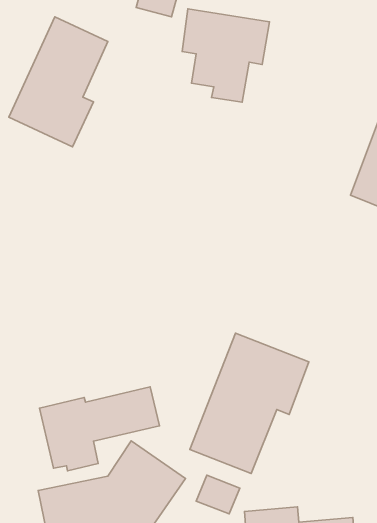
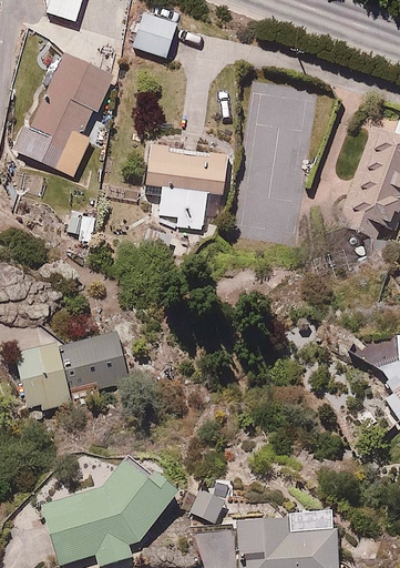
building: [182,9,269,102] -> [146,144,228,232]
building: [190,333,309,473] -> none
building: [39,387,160,471] -> [14,331,127,409]

